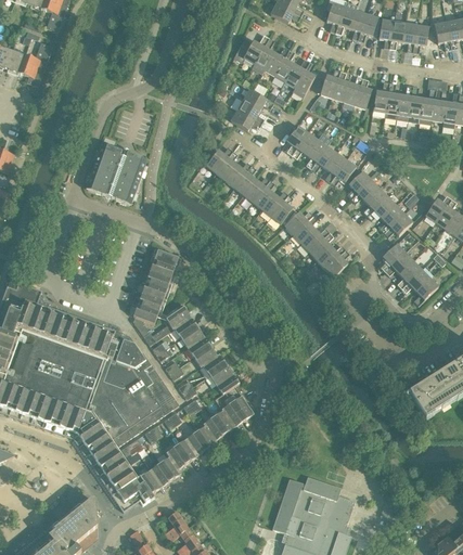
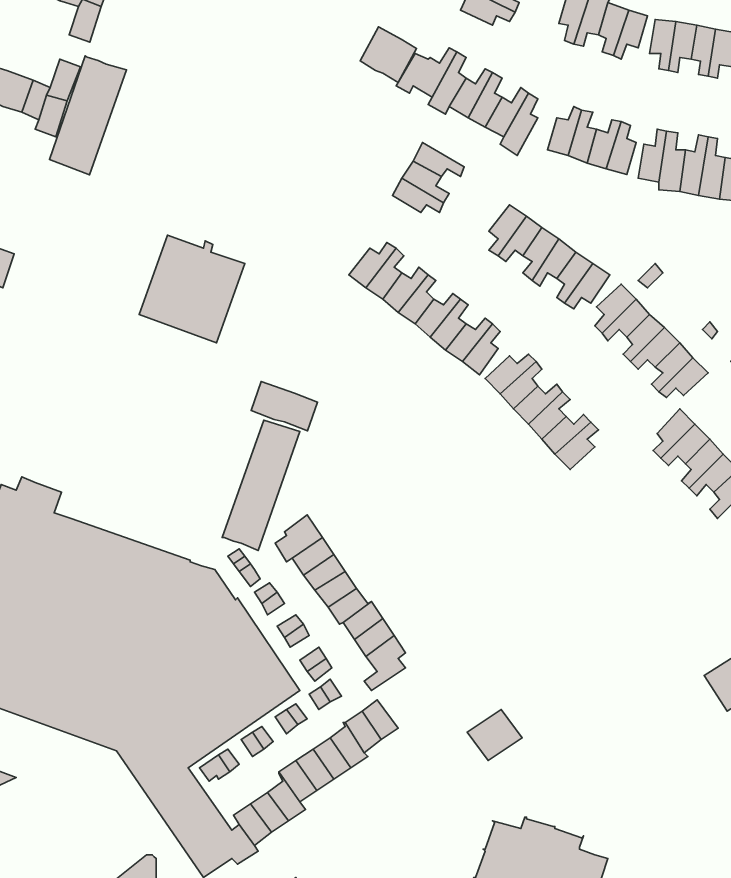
building: none -> [360,27,416,83]
building: none -> [49,56,126,175]
building: none -> [251,382,318,431]
building: [222,396,254,425] -> [467,710,522,761]

